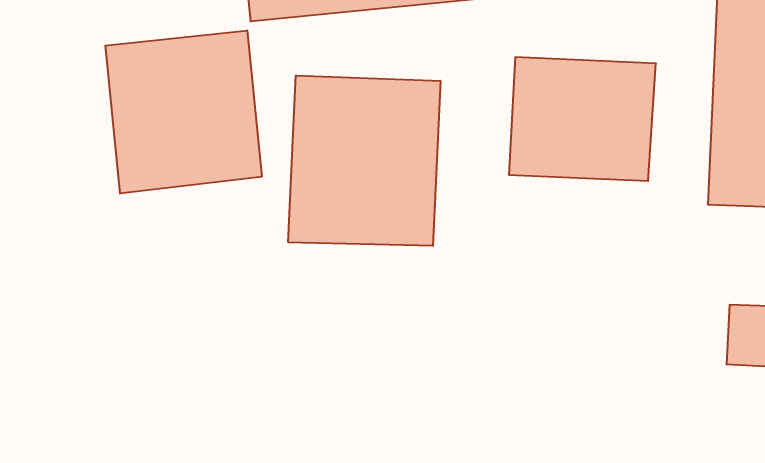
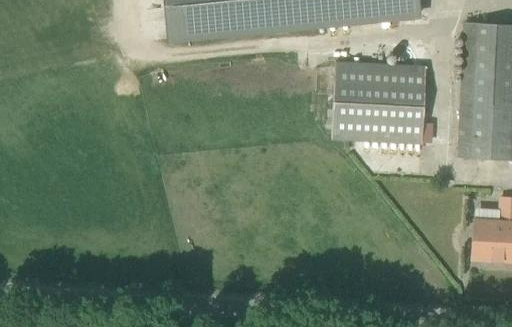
building: [105,30,262,194] -> none
building: [288,75,440,246] -> none

